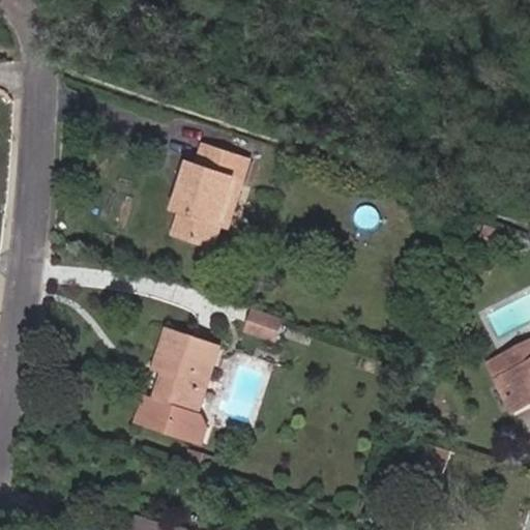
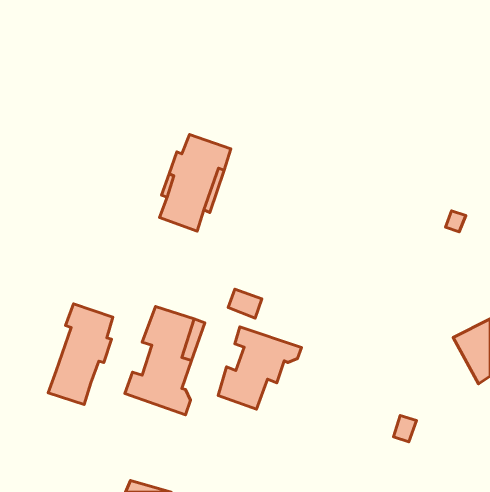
building: none -> [48,304,113,405]
building: none -> [218,327,302,409]

